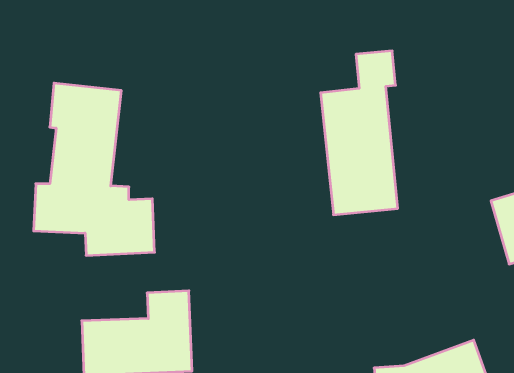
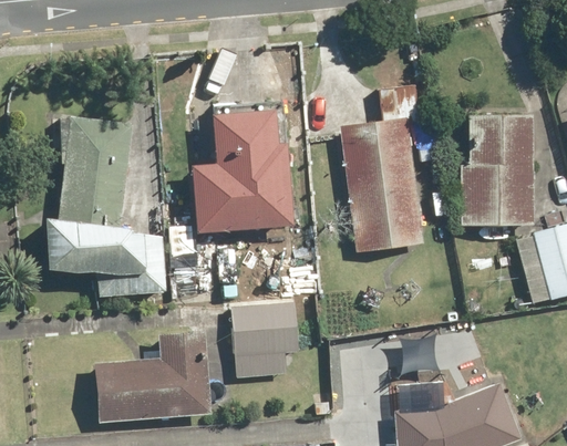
building: none -> [190,110,293,231]
building: none -> [461,115,532,224]
building: none -> [231,302,297,377]

